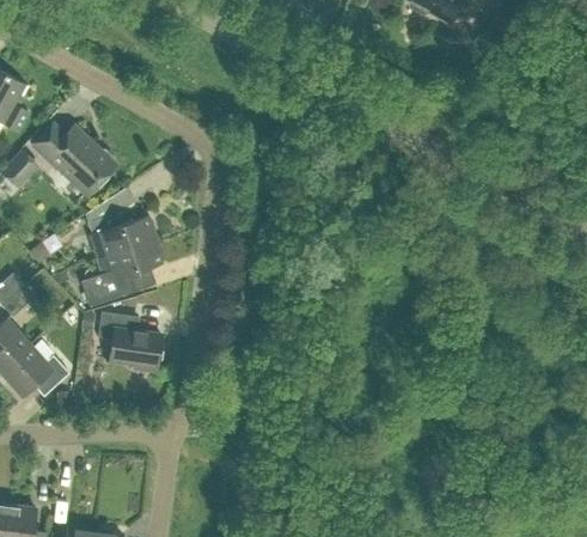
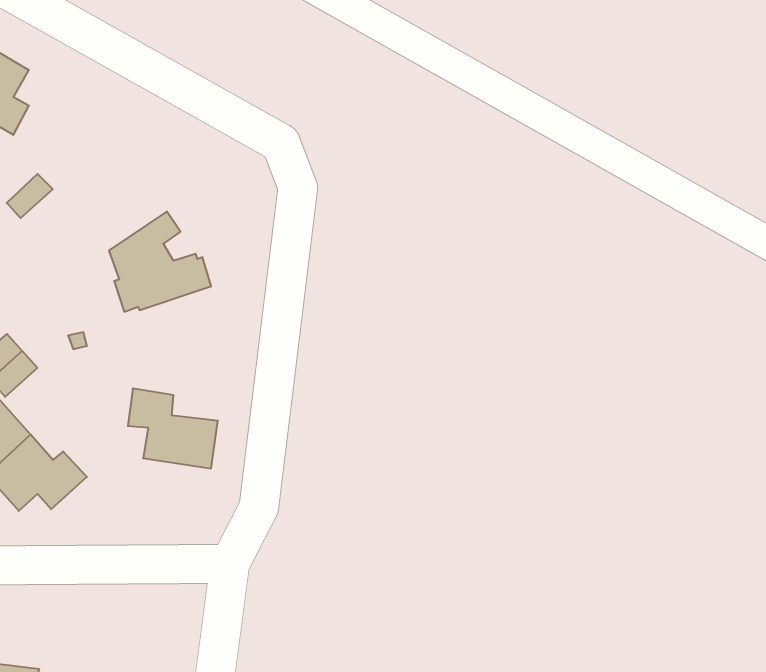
building: [31,123,114,195] -> none
building: [80,239,163,305] -> none

